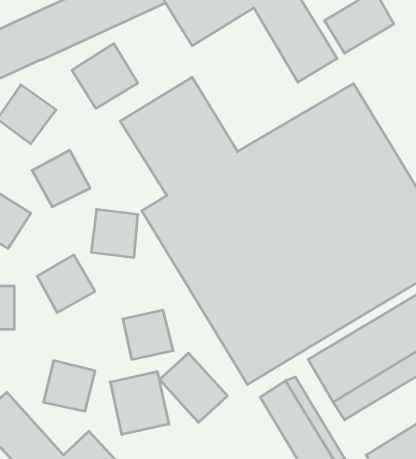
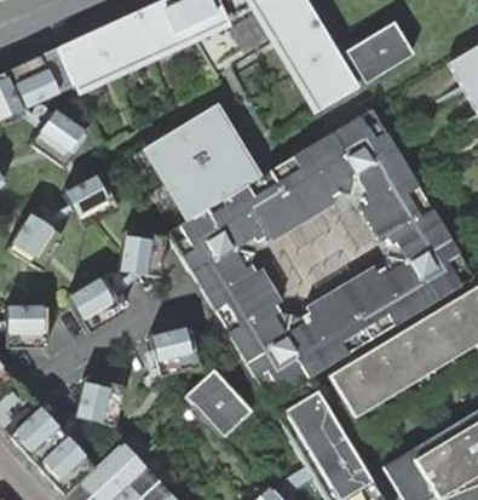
building: [72,44,138,108] -> none
building: [110,372,169,435] -> none

